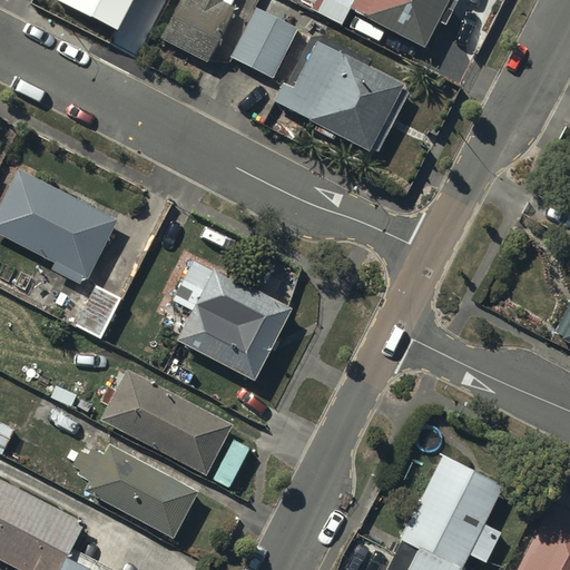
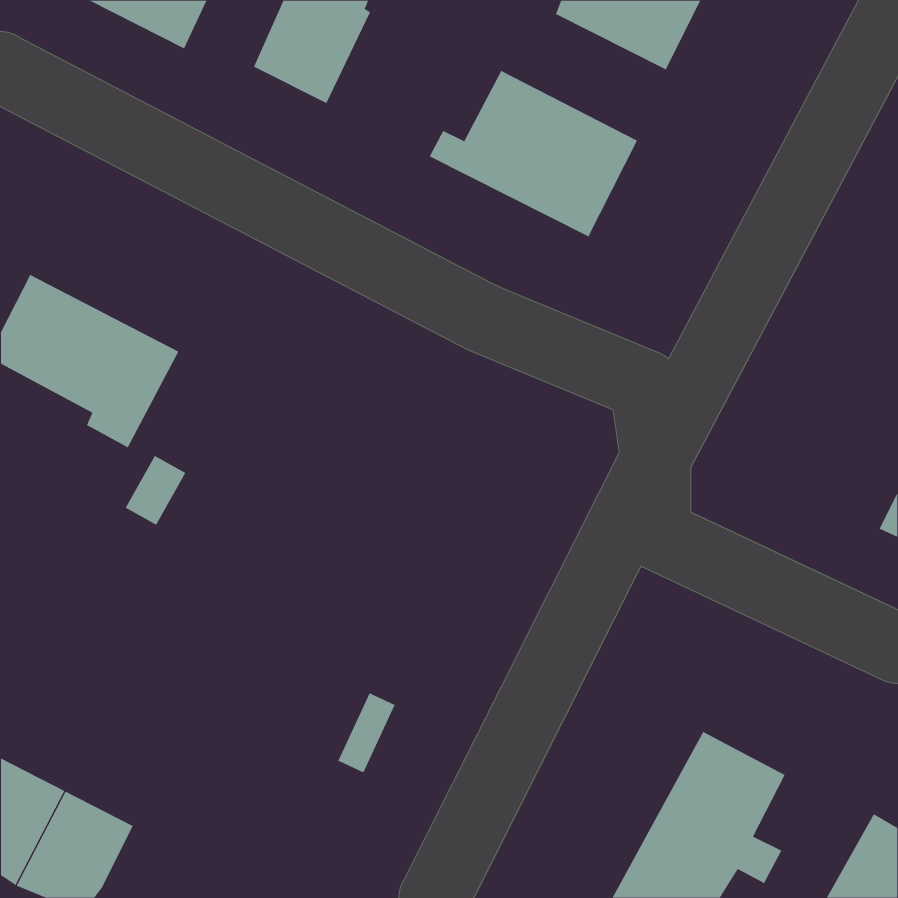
building: [230,9,298,80] -> none
building: [175,262,289,379] -> none
building: [106,374,230,472] -> none
building: [75,453,195,537] -> none

